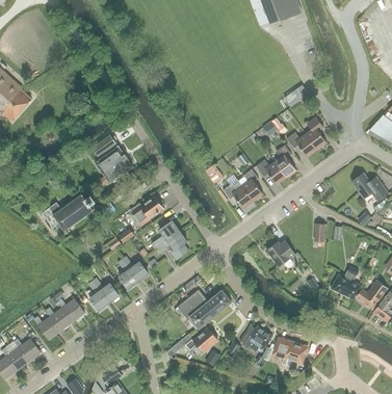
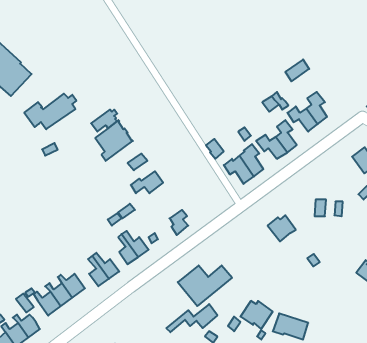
building: [43,193,95,229] -> [24,94,76,129]
building: [154,219,182,251] -> none
building: [332,265,362,298] -> none

